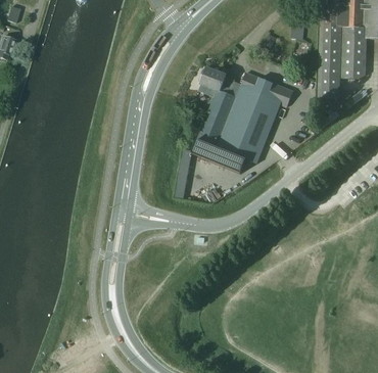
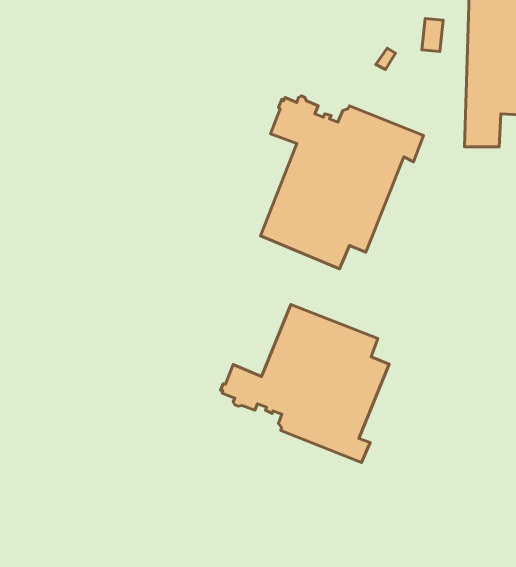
building: none -> [220,305,389,463]

